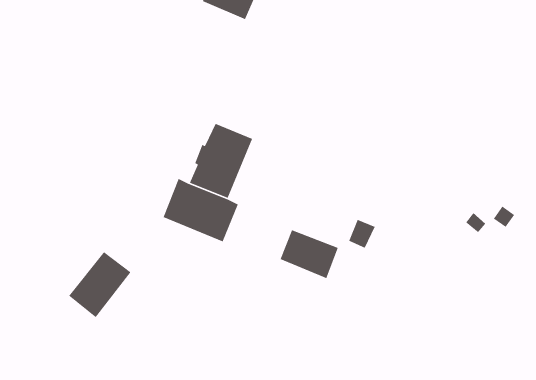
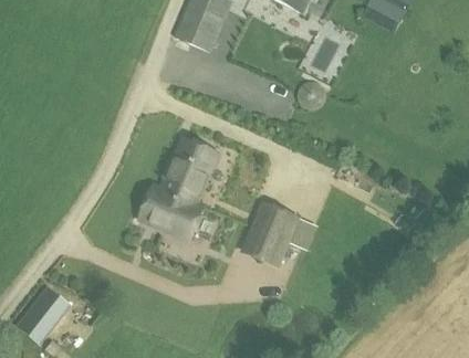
building: none -> [249,200,300,242]
building: [68,251,131,318] -> [15,287,69,344]

